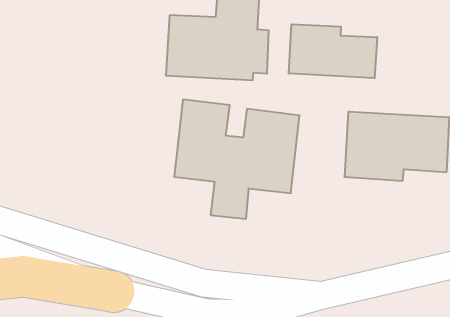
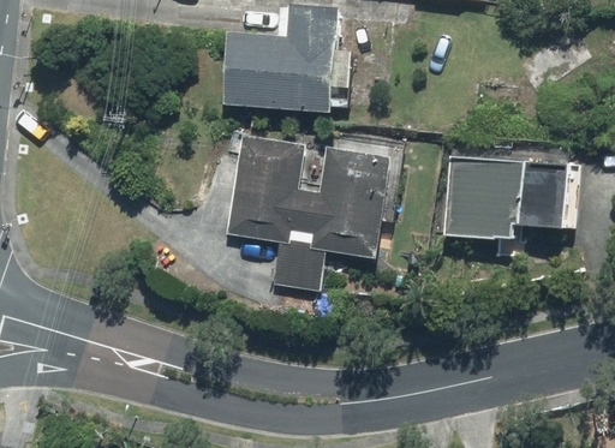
building: [289,24,377,78] -> none

